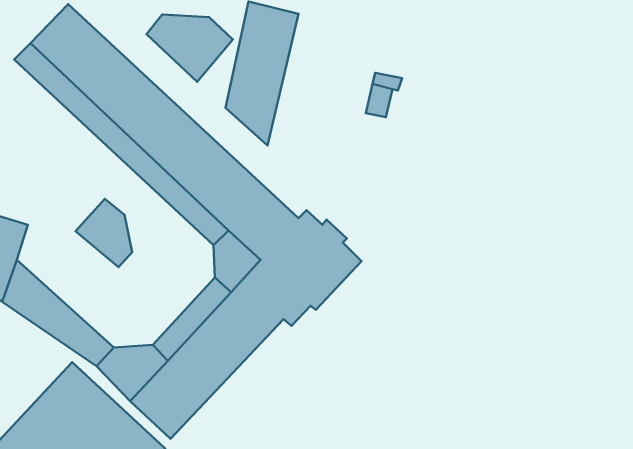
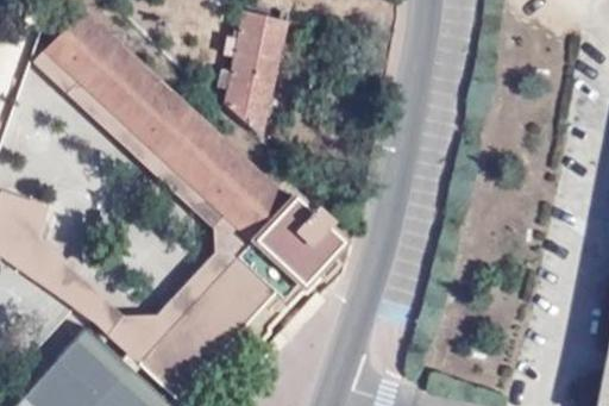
building: [146,14,233,82] -> none
building: [76,199,132,267] -> none

